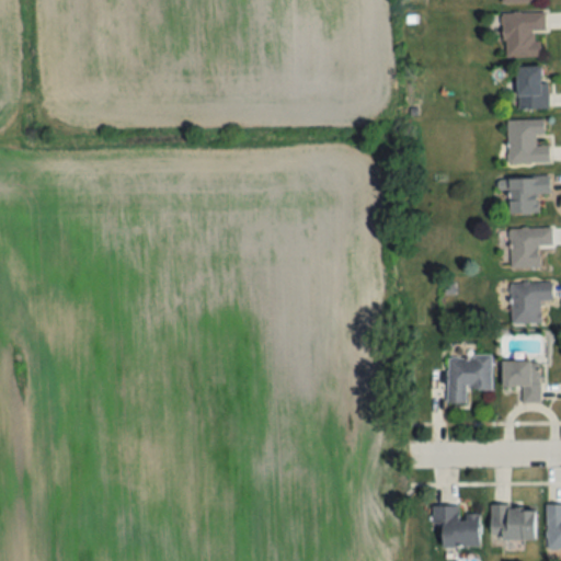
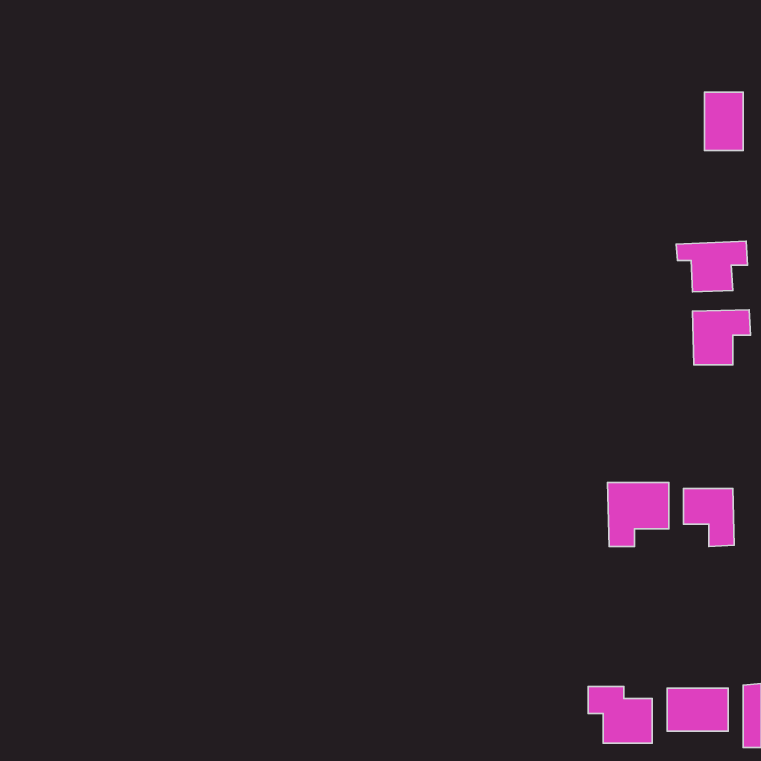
building: [503,13,545,58] -> none
building: [507,121,549,164] -> none
building: [511,283,552,323] -> none

